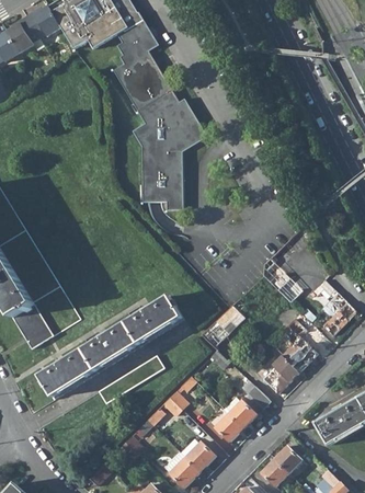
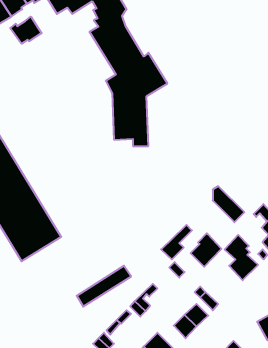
building: none -> [10,17,42,44]
building: [38,297,182,399] -> none
building: [261,354,298,394] -> [191,233,221,267]

